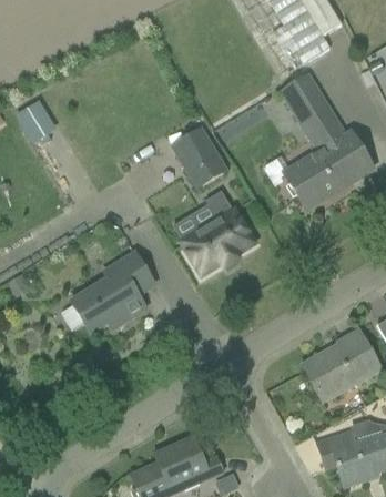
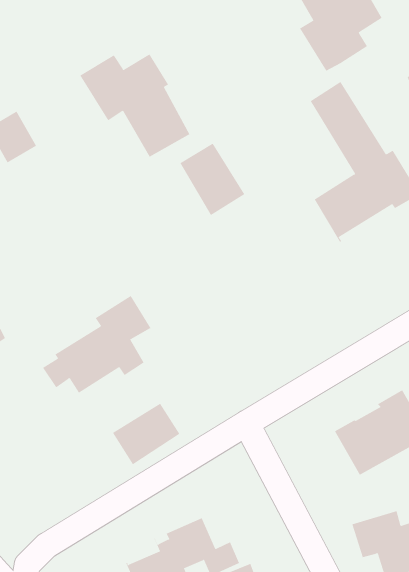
building: none -> [79,54,190,158]
building: [183,189,255,272] -> none
building: none -> [112,403,180,465]

